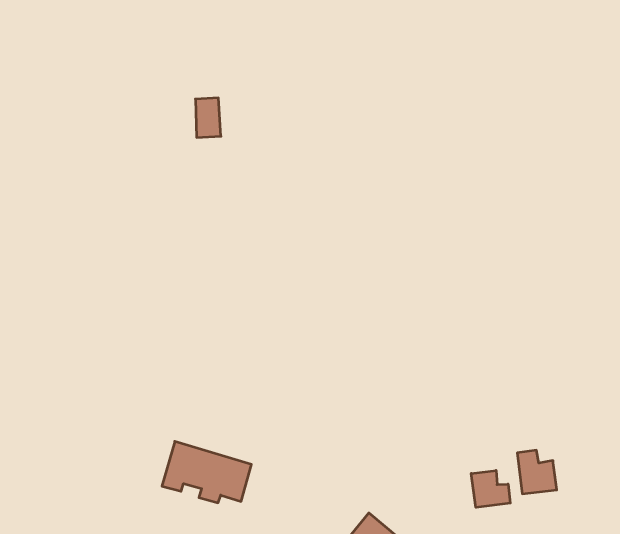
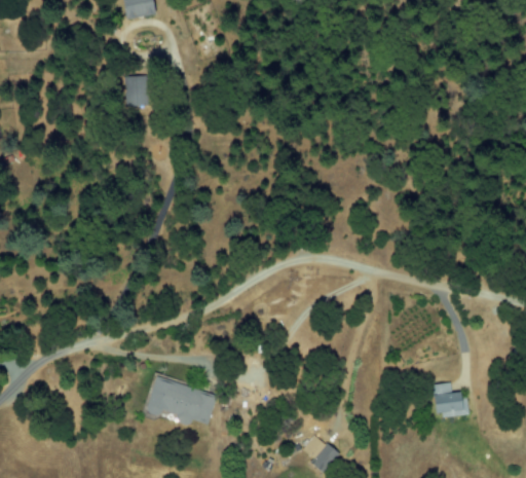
building: [195,98,221,137] -> [126,75,147,107]
building: [471,470,510,507] -> none

